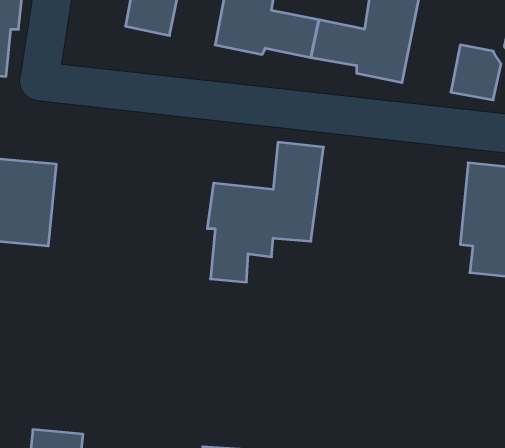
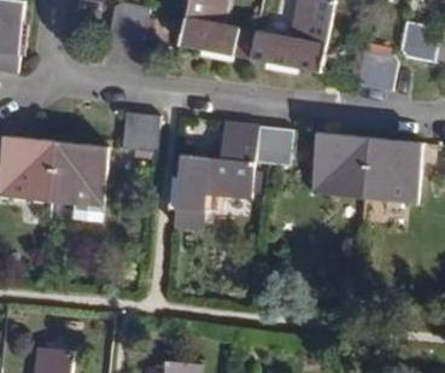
building: none -> [121,112,160,151]
building: none -> [254,127,293,167]
building: none -> [314,134,370,202]
building: none -> [48,140,107,208]

